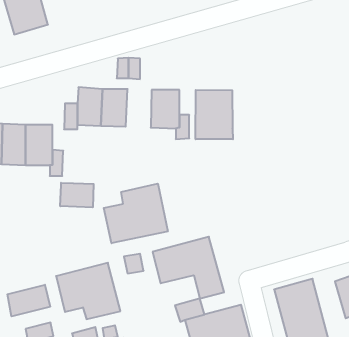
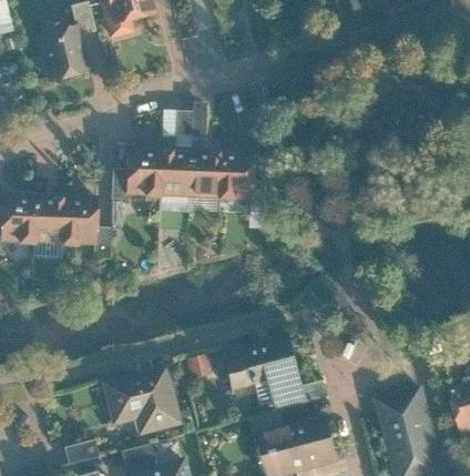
building: none -> [188,151,221,199]
building: [196,90,233,139] -> none
building: [60,183,94,207] -> none
building: [104,184,168,243] -> none
building: [7,285,50,316] -> none

